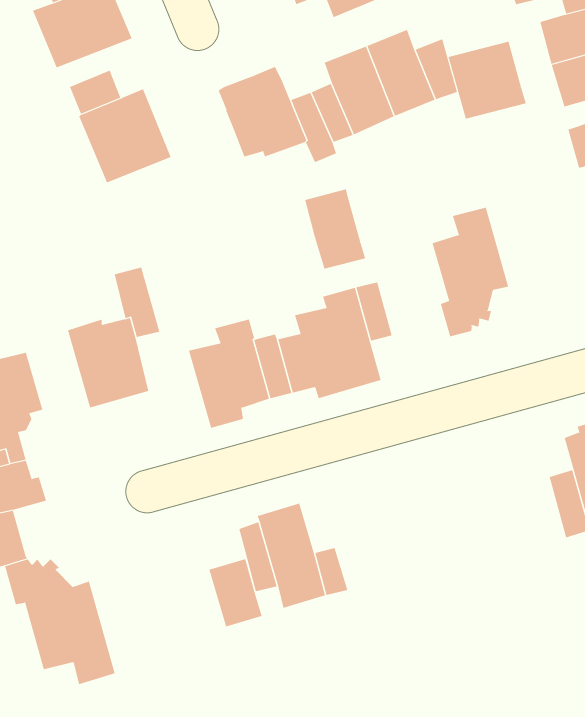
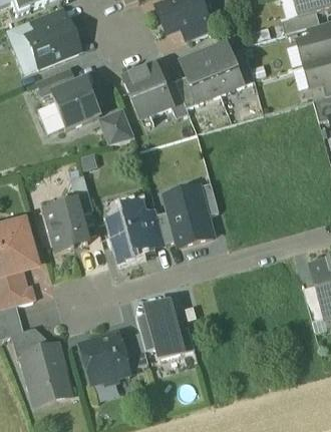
building: [448,41,527,120] -> none
building: none -> [99,108,134,143]
building: [305,189,366,270] -> none
building: [432,207,509,337] -> none
building: none -> [80,334,129,383]

